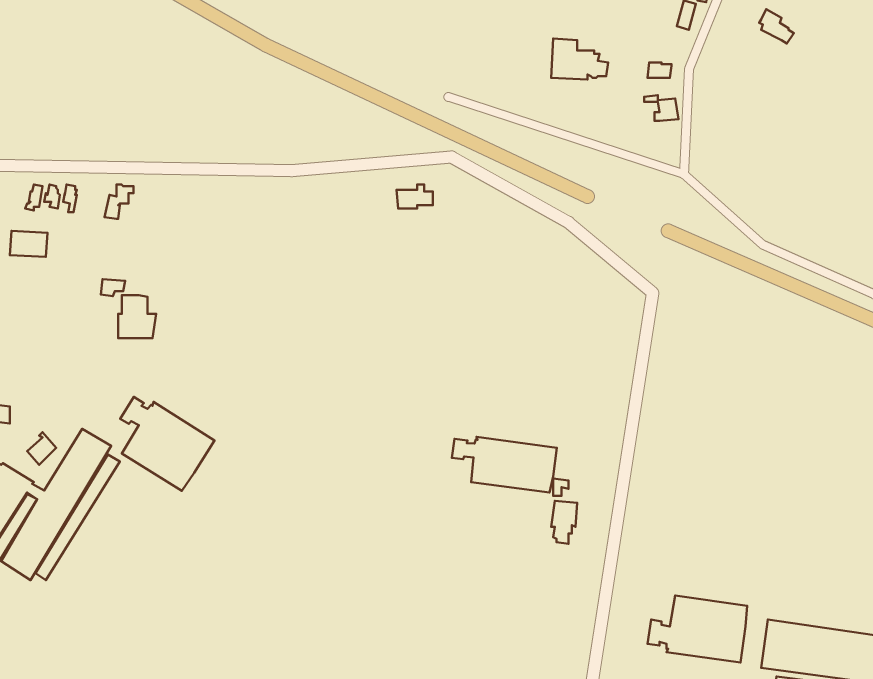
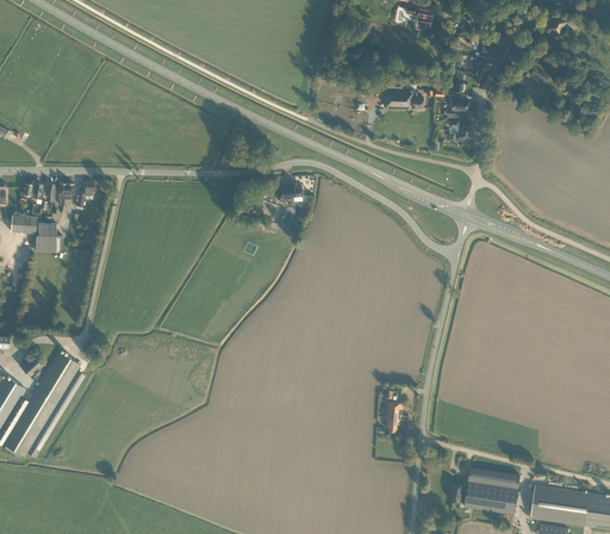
building: [118,295,156,338] -> [33,221,60,250]
building: [120,397,214,491] -> none
building: [452,437,557,493] -> none

